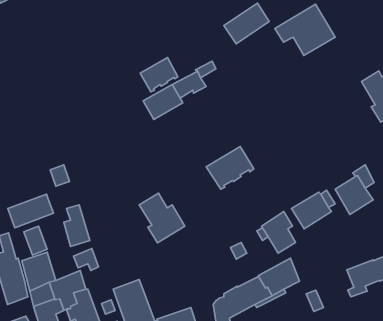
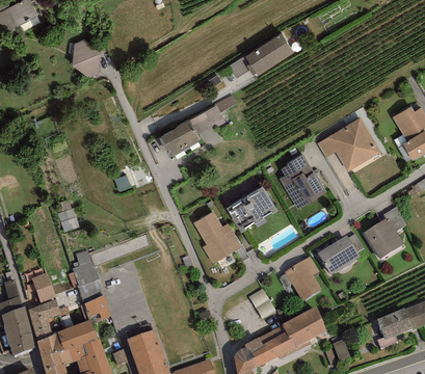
building: [275,4,335,56] -> [316,116,380,171]
building: none -> [72,38,100,77]
building: [140,57,178,92] -> none
building: none -> [280,153,326,209]
building: [139,193,185,243] -> [192,210,241,263]
building: [8,194,53,228] -> none

